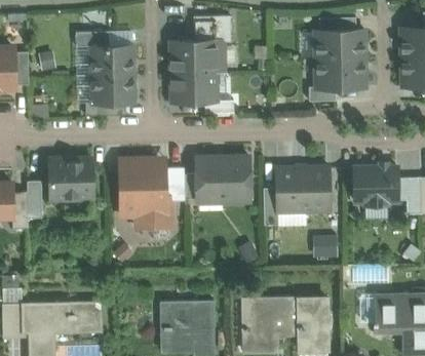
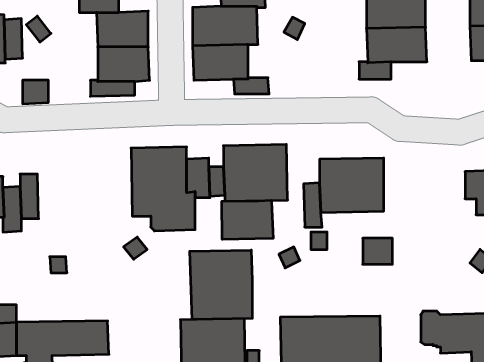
building: [48,159,93,198] -> none
building: [354,166,397,205] -> none
building: none -> [222,200,273,239]
building: none -> [190,250,252,319]

